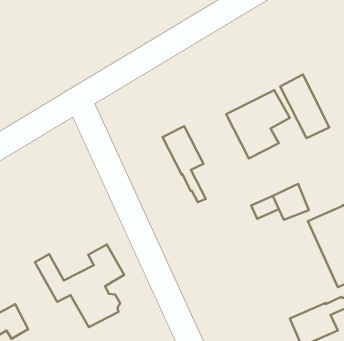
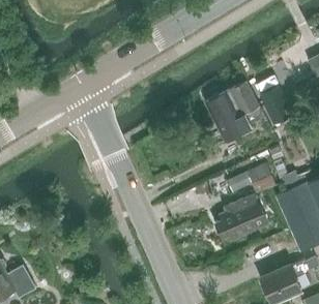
building: [162,126,206,202] -> none
building: none -> [215,194,264,241]
building: [35,245,124,327] -> none

